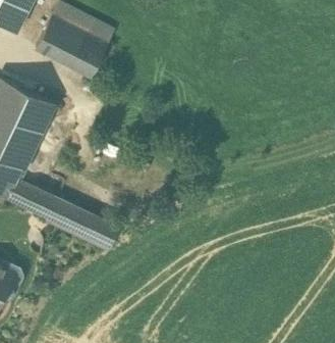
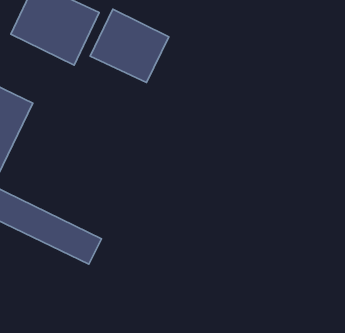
building: none -> [90,9,169,82]

